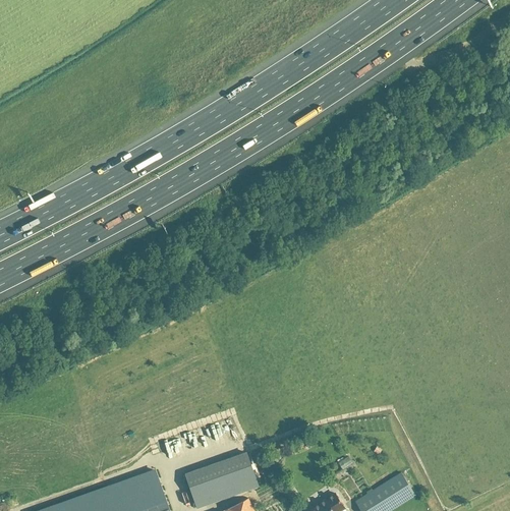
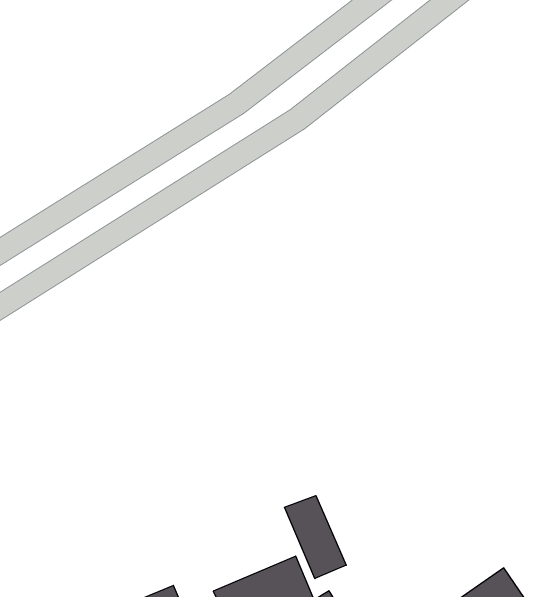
building: none -> [285,496,346,579]

